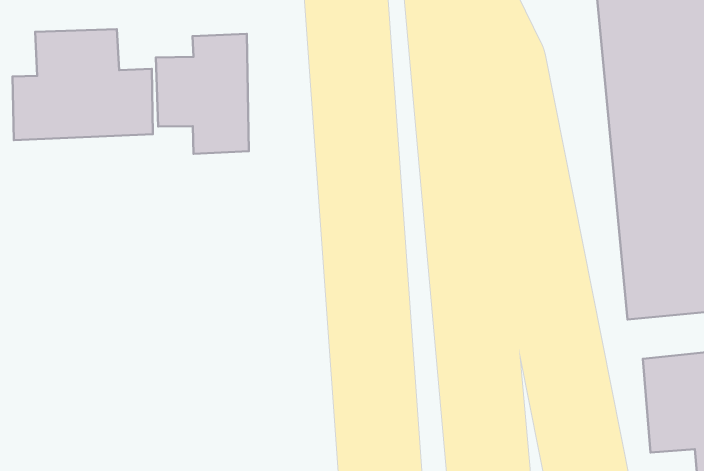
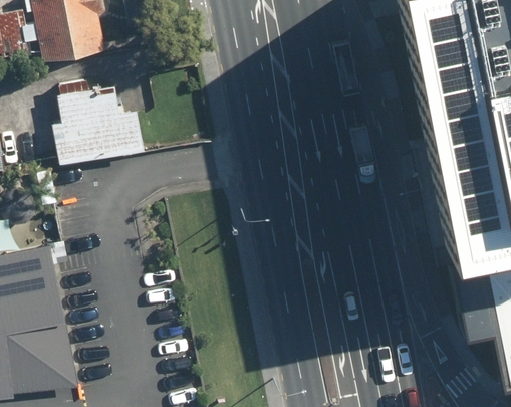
building: [156,34,249,154] -> none

